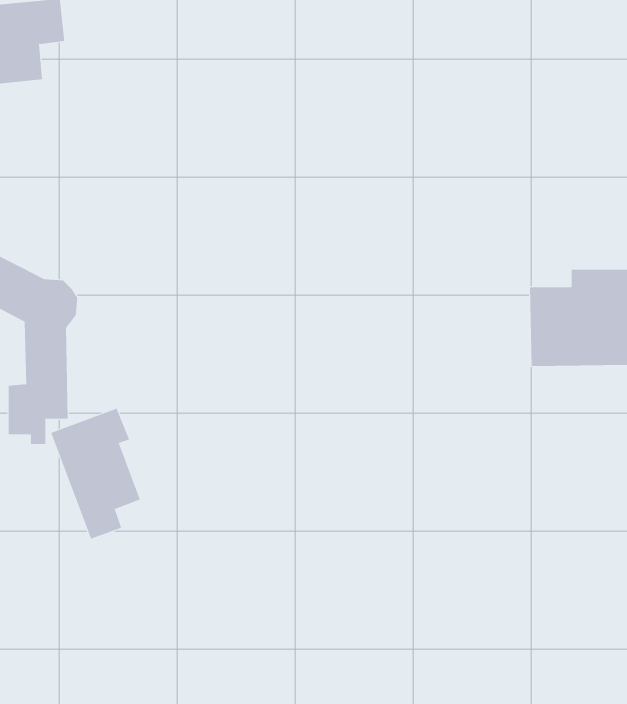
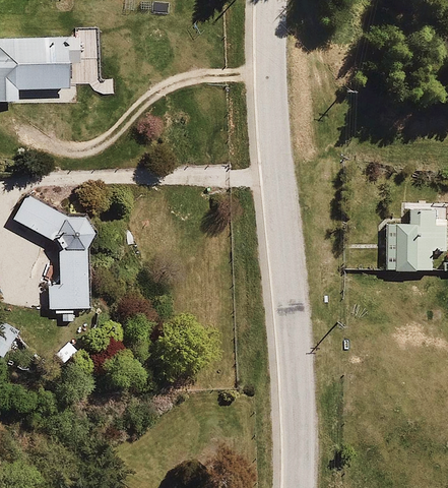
building: [50,408,141,539] -> none

